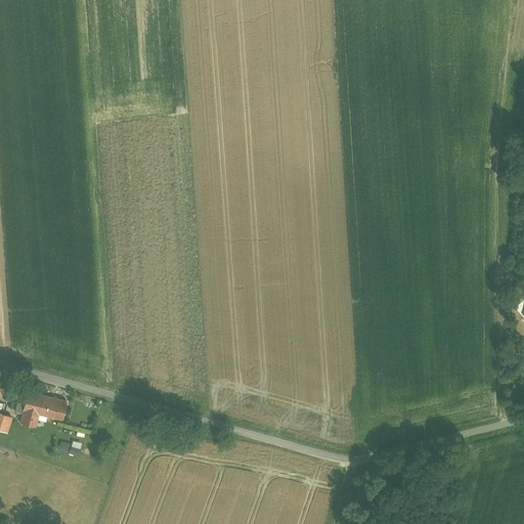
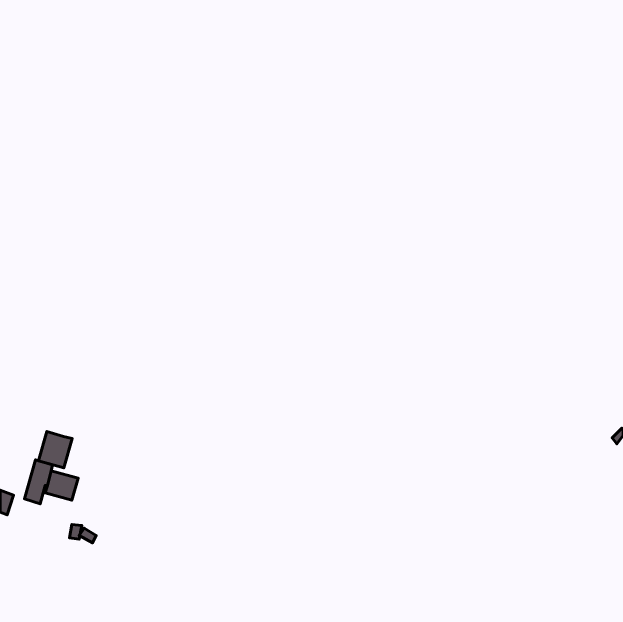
building: none -> [38,432,72,468]

